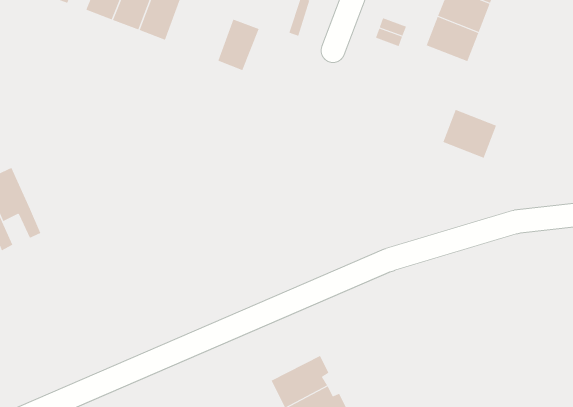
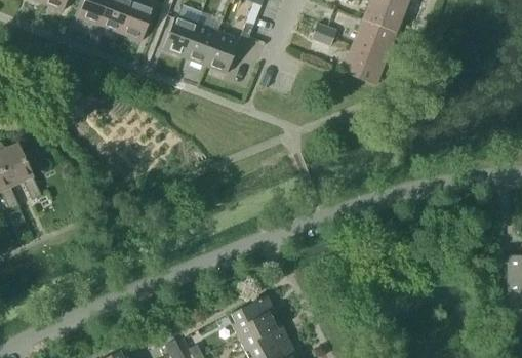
building: none -> [163,15,197,57]
building: none -> [205,32,240,74]
building: [442,109,497,159] -> [343,45,387,85]

